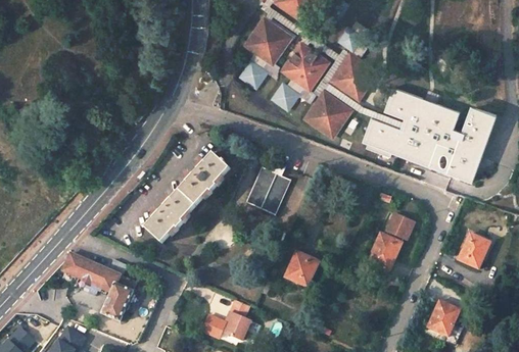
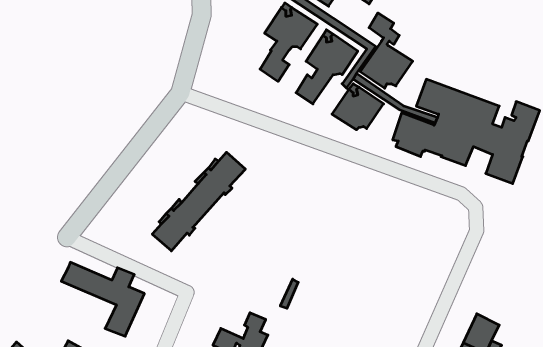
building: [246,162,290,214] -> none
building: [368,212,415,268] -> none
building: [457,234,489,268] -> none
building: [284,251,319,287] -> none

